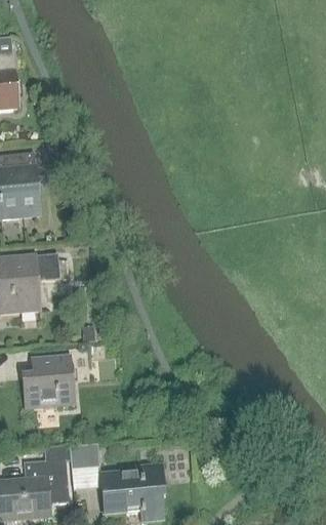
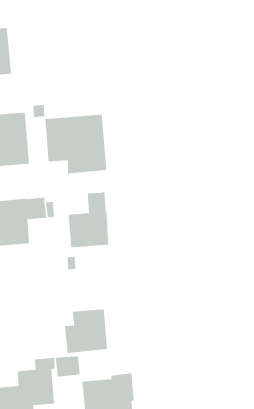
building: none -> [45,114,107,174]
building: none -> [68,192,109,248]
building: [22,354,74,407] -> [64,309,108,353]

